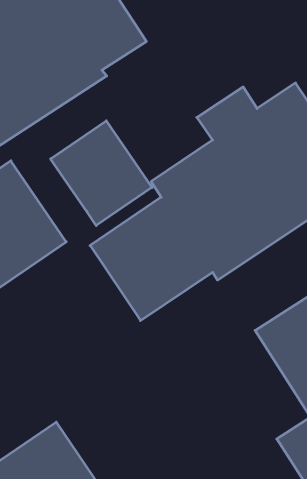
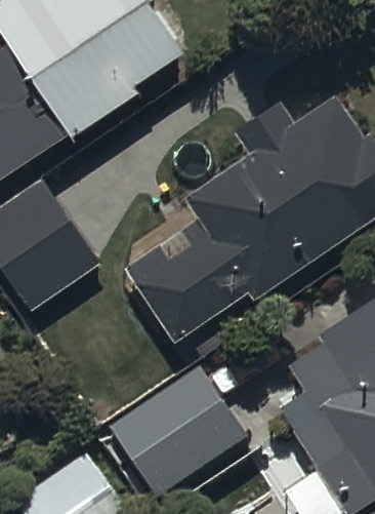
building: [51,121,152,226] -> none
building: none -> [107,363,246,498]

